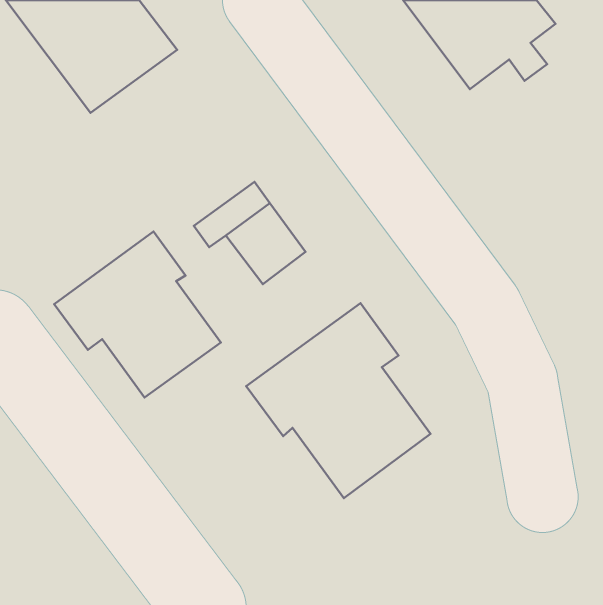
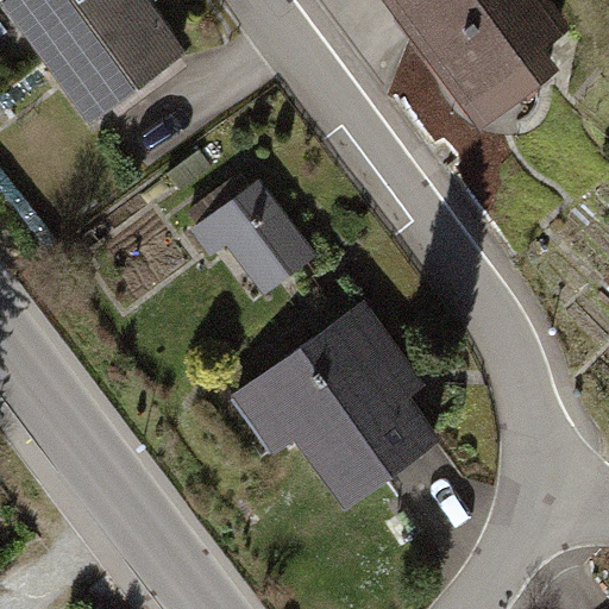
building: [54,232,221,398] -> none

